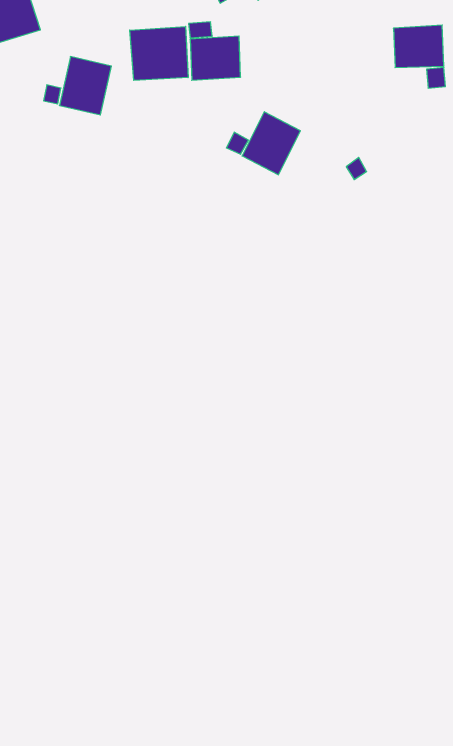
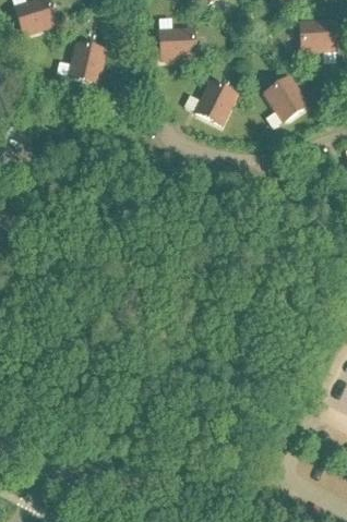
building: [130,26,188,80] -> none
building: none -> [266,75,309,119]

